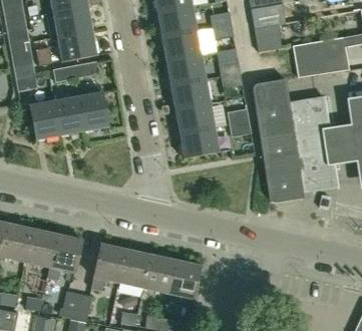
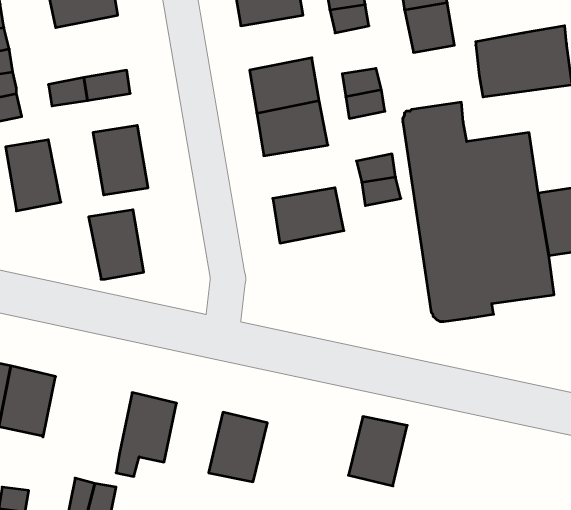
building: [57,30,97,61] -> none
building: [161,30,202,61] -> none
building: [53,96,84,135] -> [89,210,144,279]
building: [174,103,215,133] -> none
building: [47,234,82,280] -> none
building: [118,249,151,288] -> none
building: [168,260,202,299] -> [348,417,407,486]

